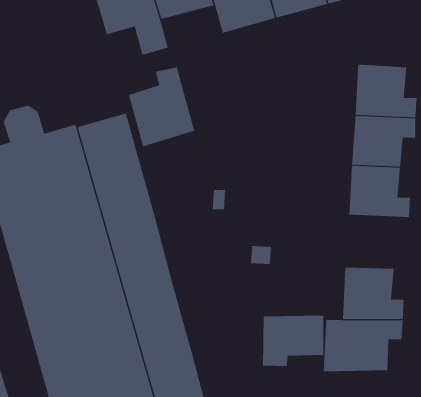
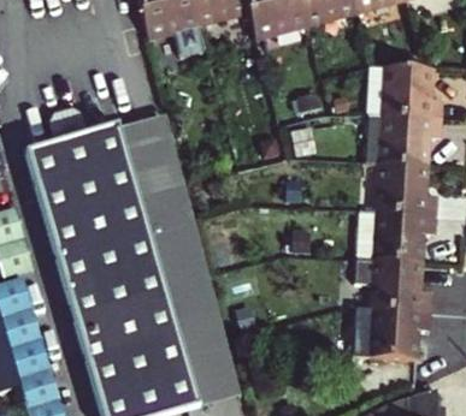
building: [128,66,195,147] -> none
building: none -> [371,210,432,261]
building: [263,315,324,367] -> none

